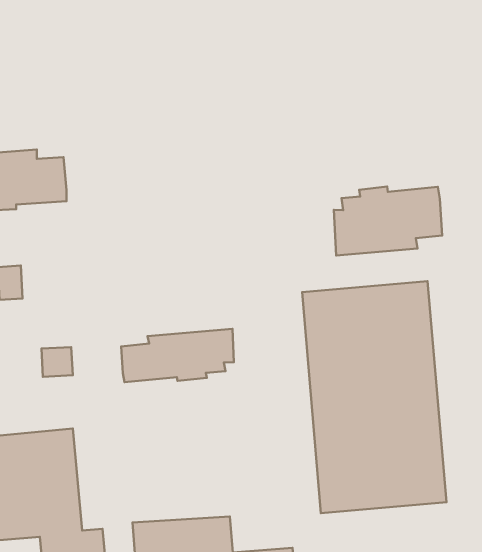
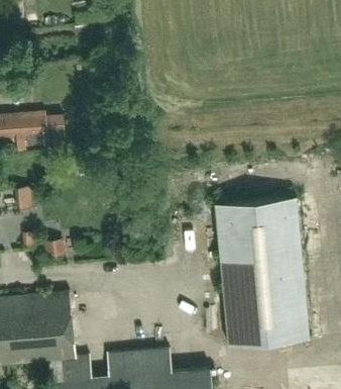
building: [334,187,442,256] -> none
building: [121,329,234,382] -> none

